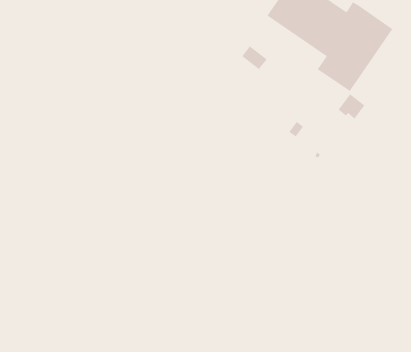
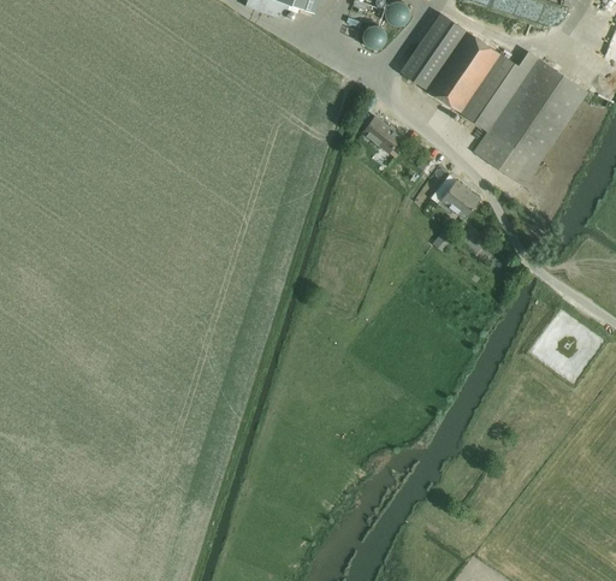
building: [338,93,365,119] -> [437,179,478,218]

